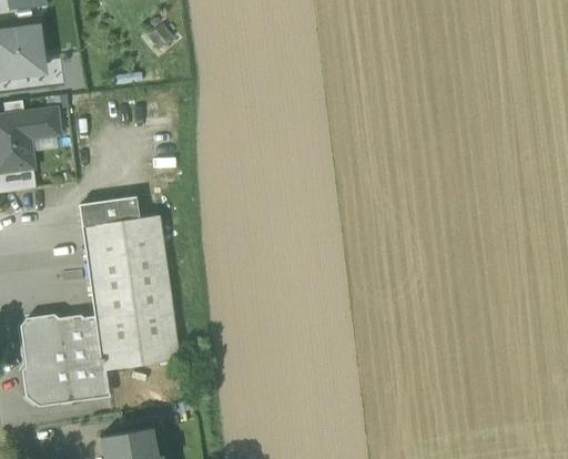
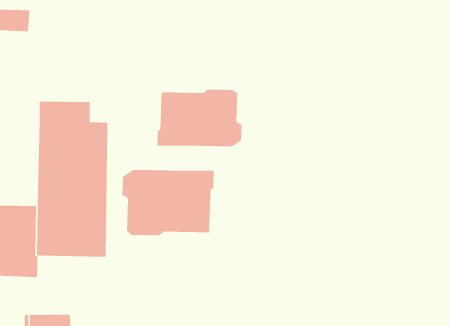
building: none -> [157,89,242,147]
building: none -> [122,169,214,236]

